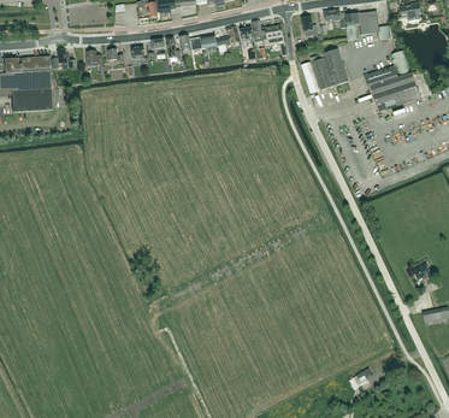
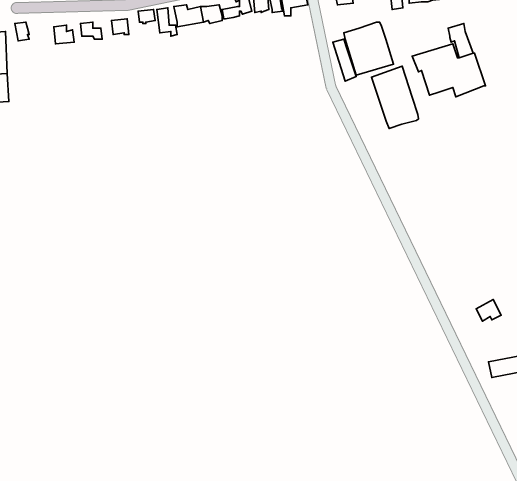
building: none -> [372,66,419,129]

